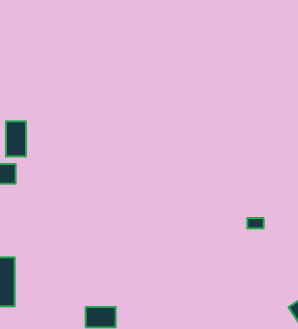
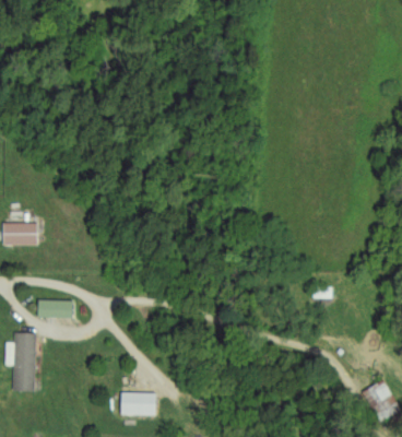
building: [6,121,26,157] -> none
building: none -> [37,300,73,318]

